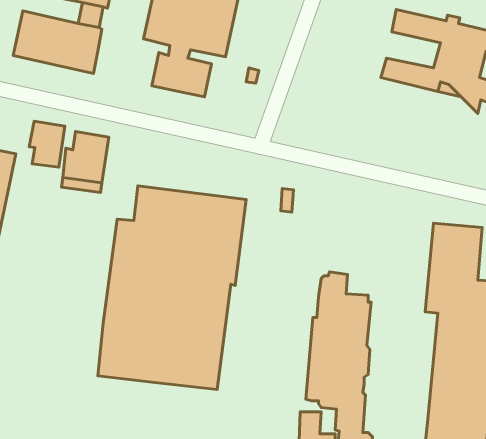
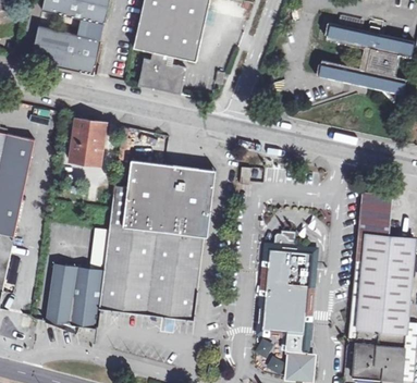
building: [29,121,65,167] -> none
building: none -> [46,262,101,332]

